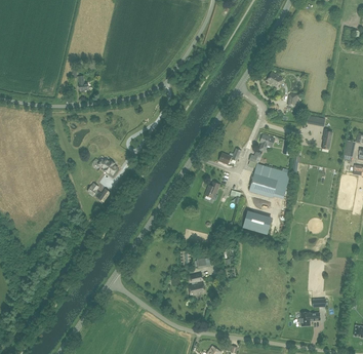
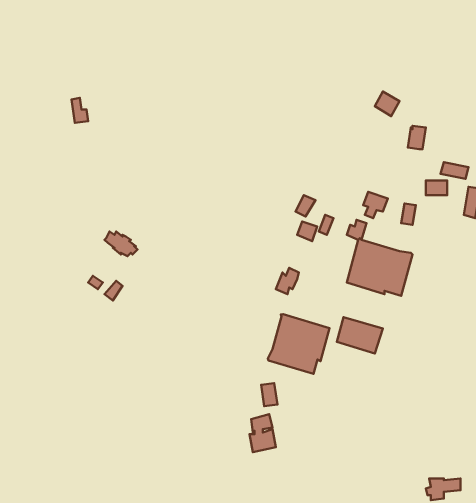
building: none -> [268,314,329,374]

